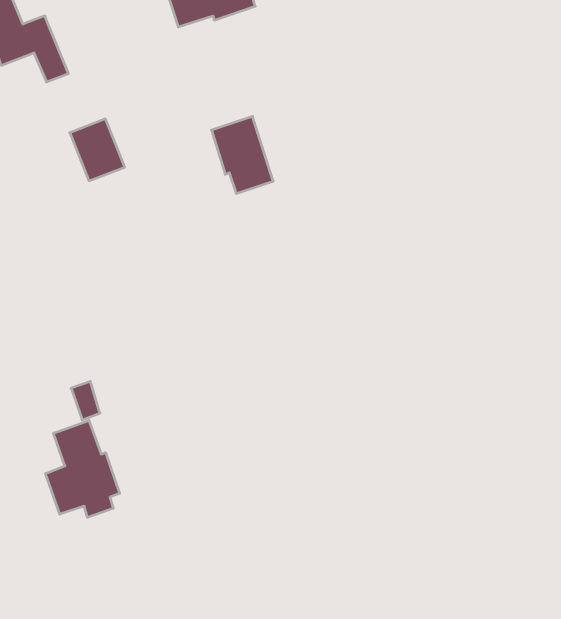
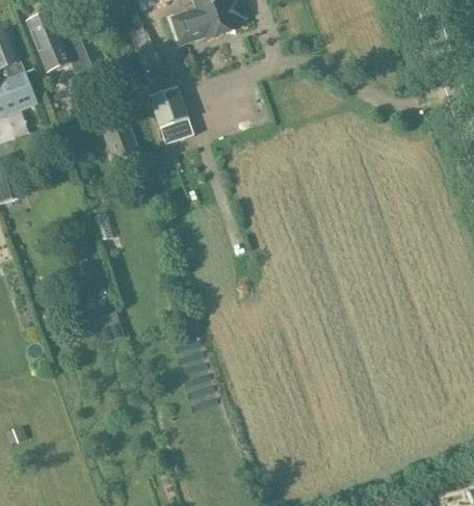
building: [211,116,273,193] -> [147,85,193,143]
building: [46,420,120,517] -> none

